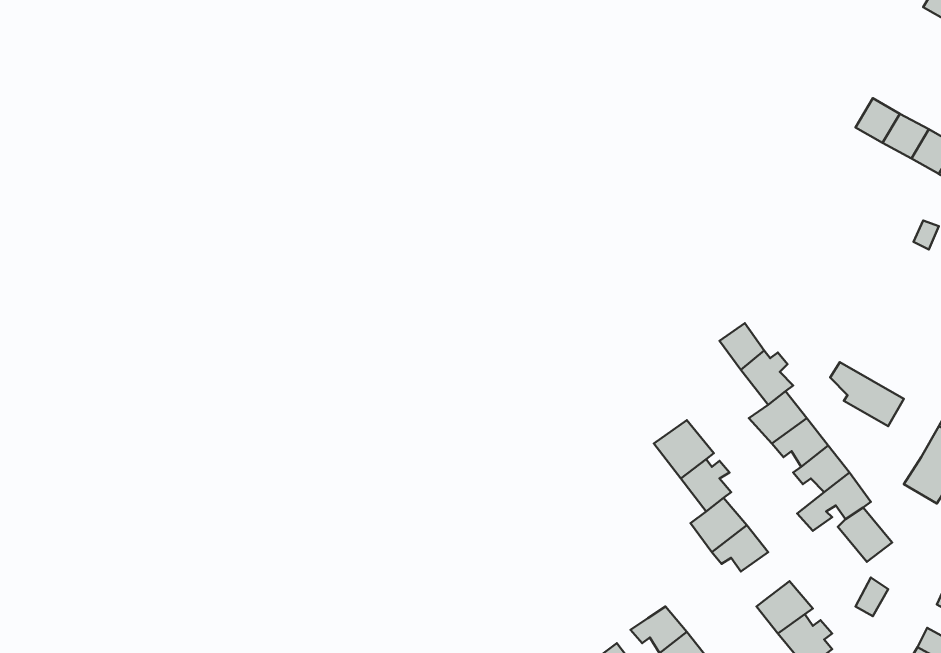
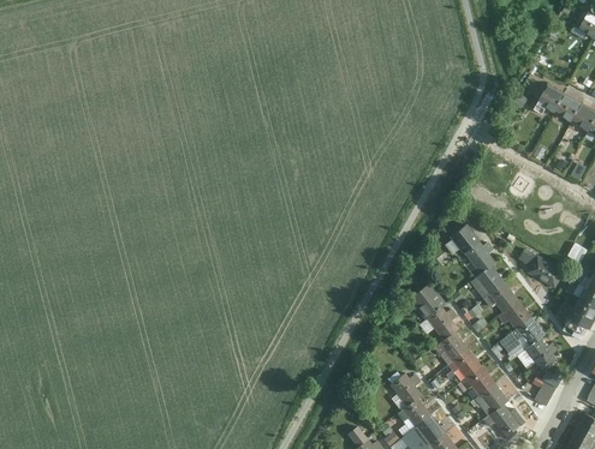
building: none -> [460,366,495,396]
building: none -> [391,375,423,407]

